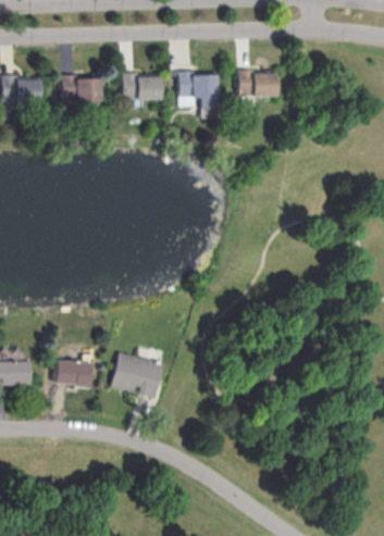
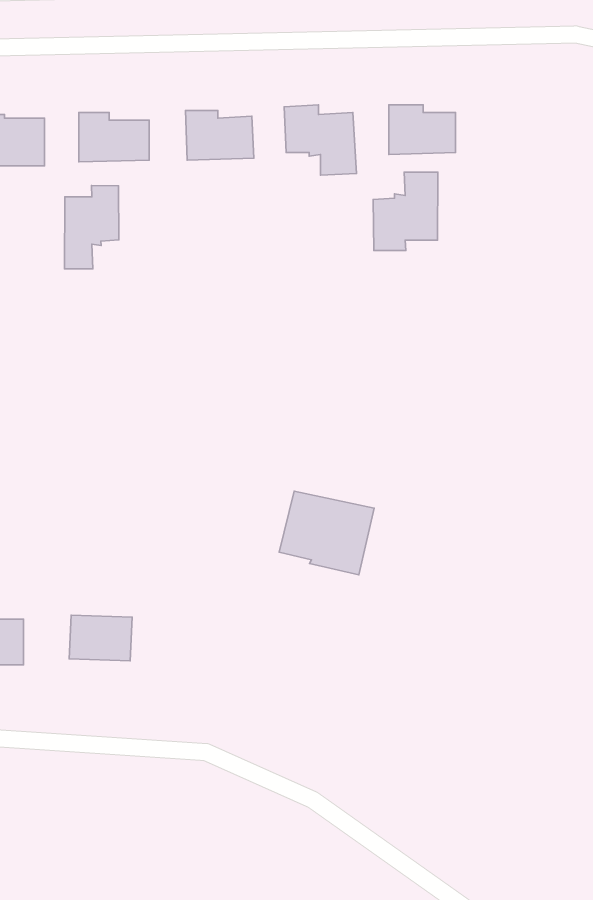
building: none -> [373,172,438,251]
building: none -> [64,186,119,269]
building: [110,352,164,400] -> [279,491,374,575]

